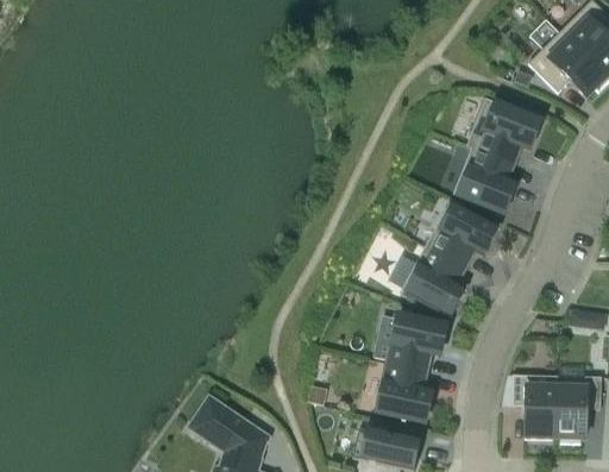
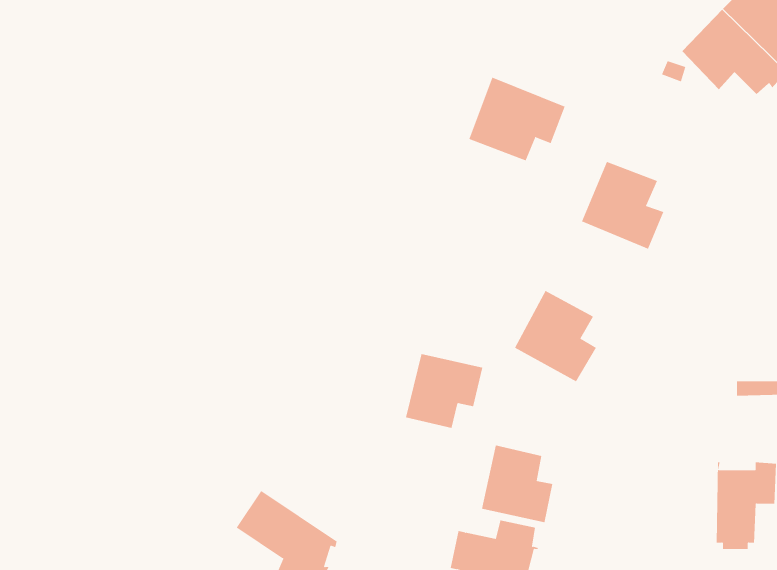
building: [467,97,541,162] -> [468,77,565,161]
building: [426,201,498,265] -> none
building: [388,314,447,371] -> [405,354,483,429]
building: [511,375,557,438] -> none

